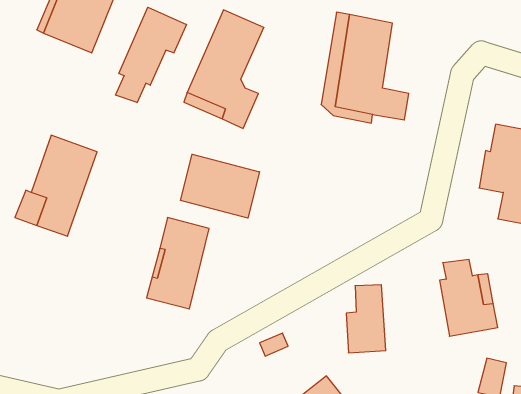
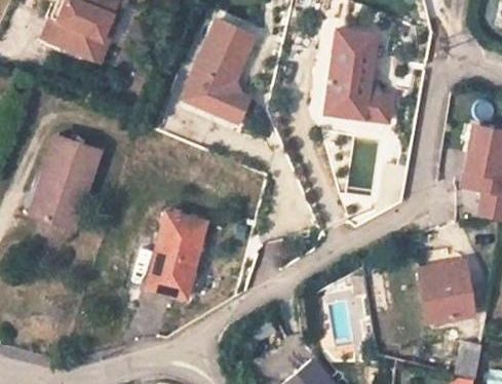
building: [115,7,186,103] -> none
building: [180,154,260,218] -> none

